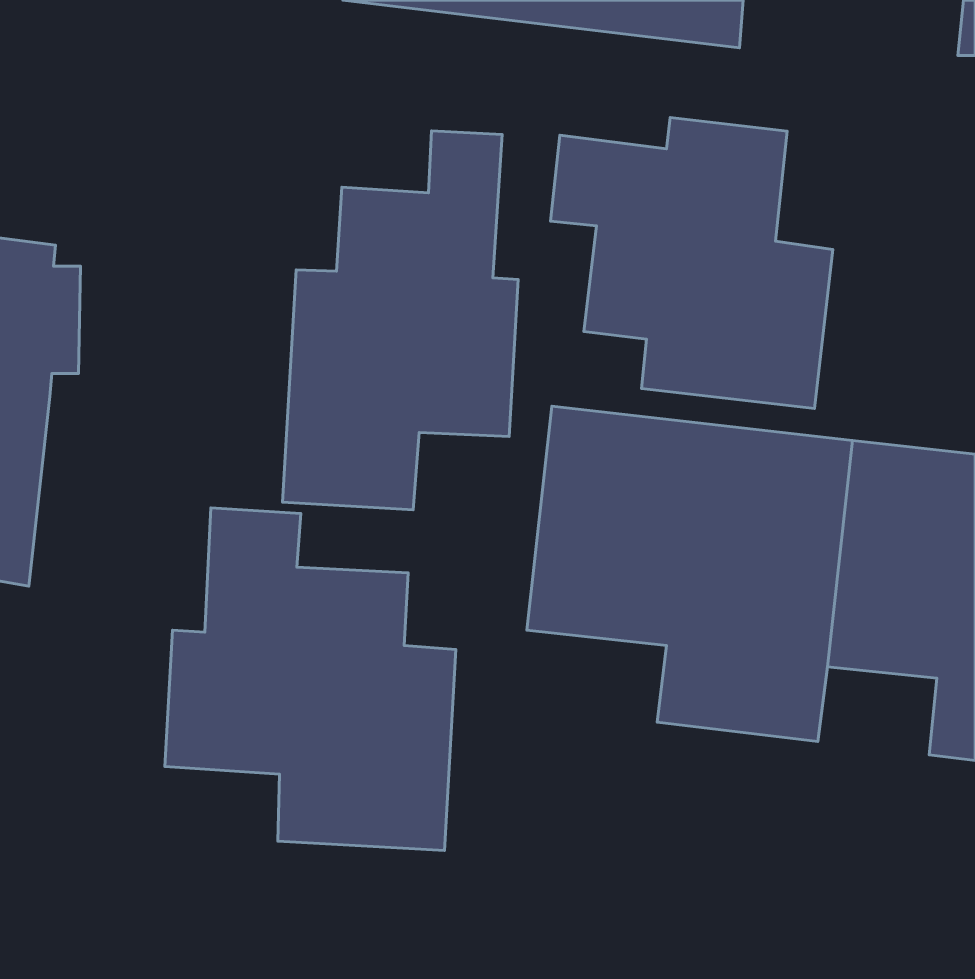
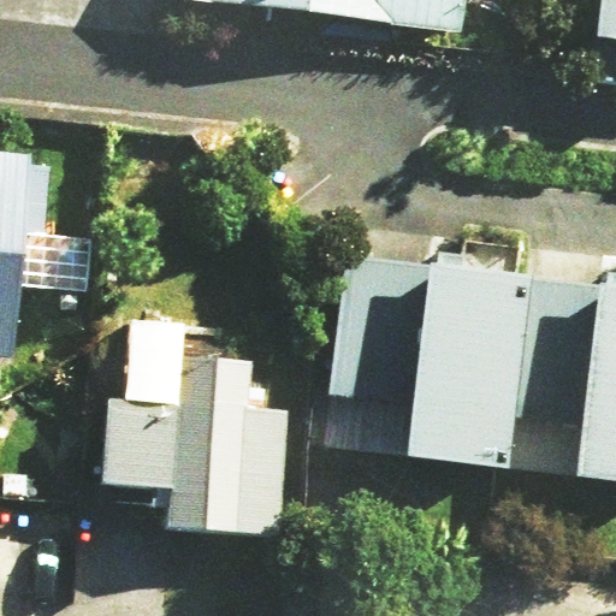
building: [550,118,833,408] -> none
building: [283,131,518,510] -> none

